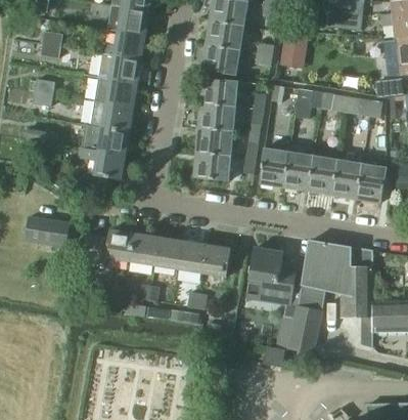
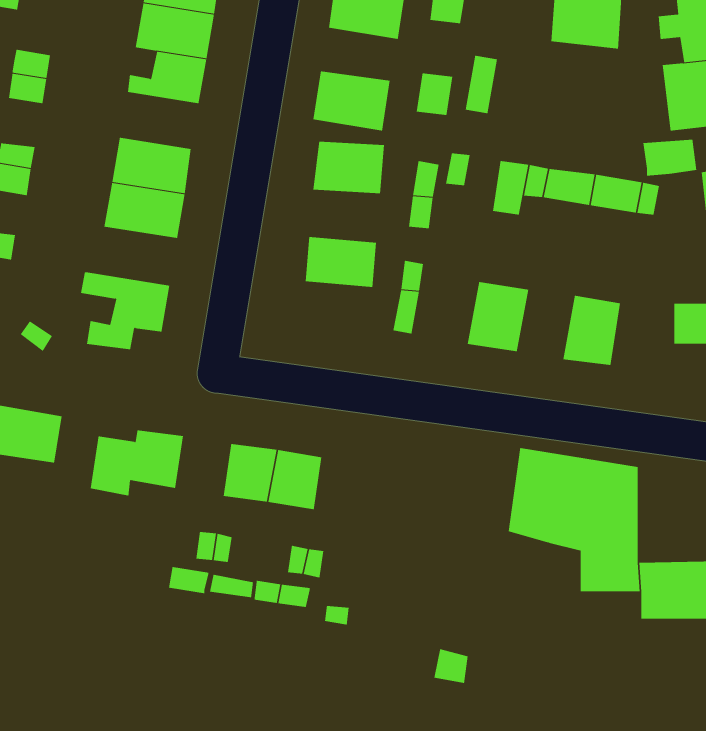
building: [205,19,245,47] -> none
building: [99,53,141,83] -> none
building: [198,104,236,132] -> none
building: [82,123,130,155] -> none
building: [260,149,287,185] -> none
building: [194,153,232,179] -> none
building: [308,157,337,194] -> none
building: [357,164,386,201] -> none
building: [129,234,157,265] -> none
building: [201,245,230,277] -> none
building: [245,247,324,352] -> none

